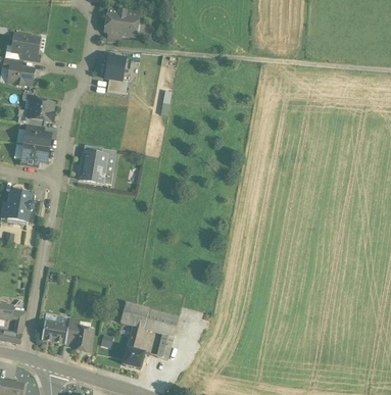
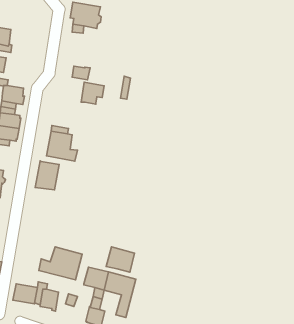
building: [105,55,131,80] -> [81,82,104,104]
building: none -> [35,161,59,190]
building: none -> [106,247,134,272]
building: none -> [39,247,82,280]

